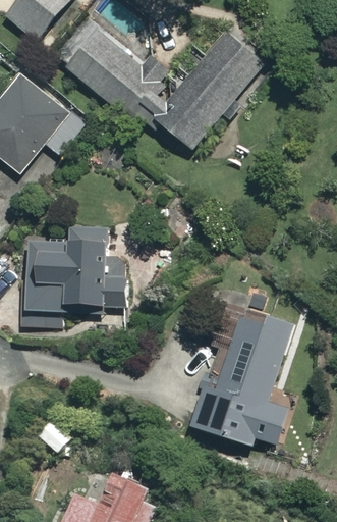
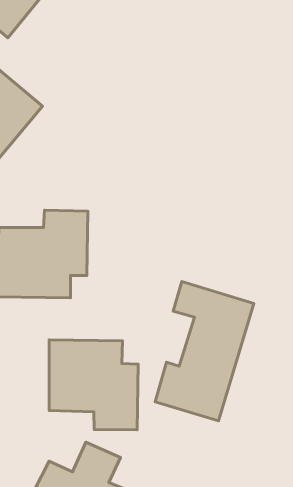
building: [58,20,267,159] -> none
building: none -> [49,340,138,430]

